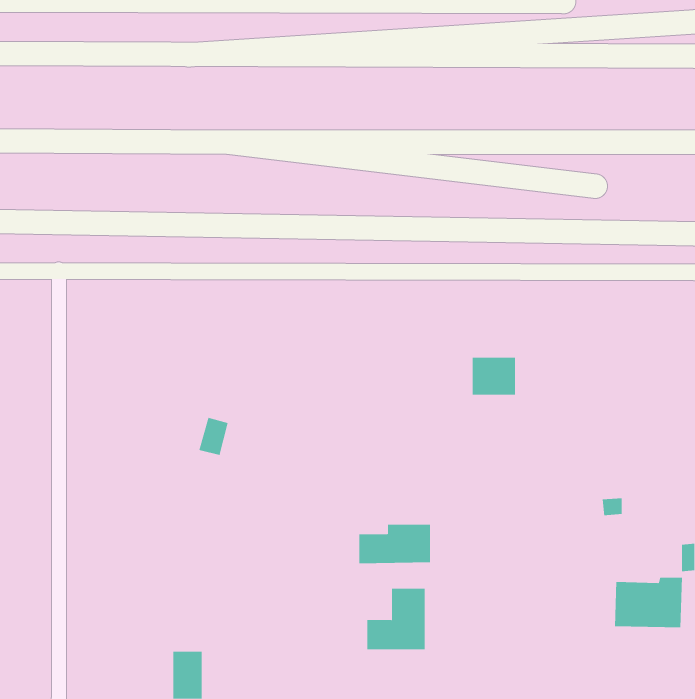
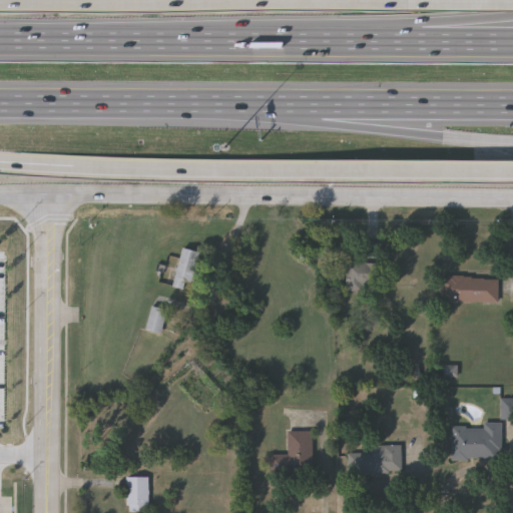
building: none -> [174,247,199,286]
building: none -> [440,277,498,302]
building: [358,524,431,564] -> [348,445,401,474]

